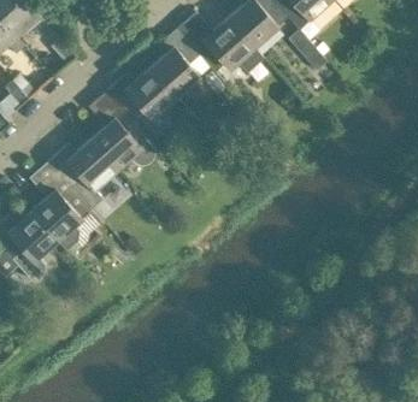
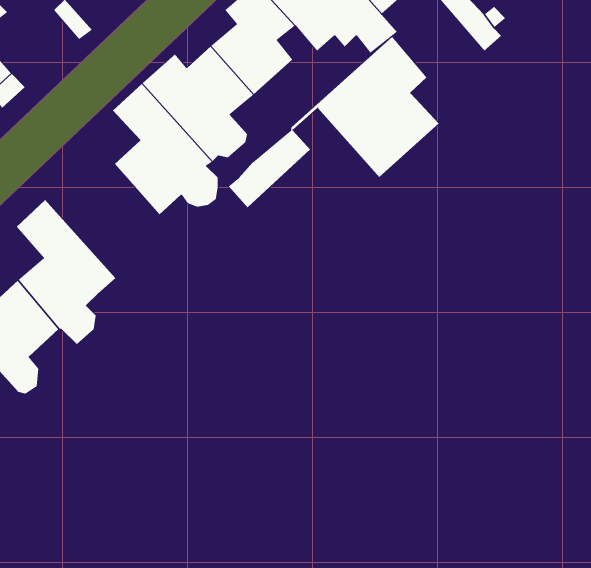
building: none -> [228,36,439,208]
building: [48,140,118,209] -> none

